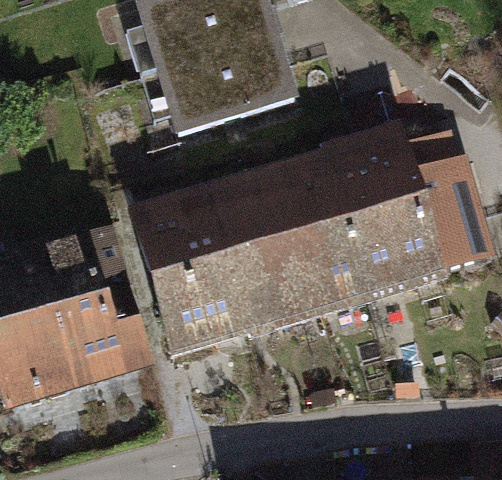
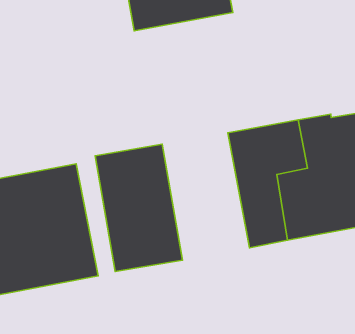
building: [163,37,293,133] -> none
building: [210,177,325,331] -> none

